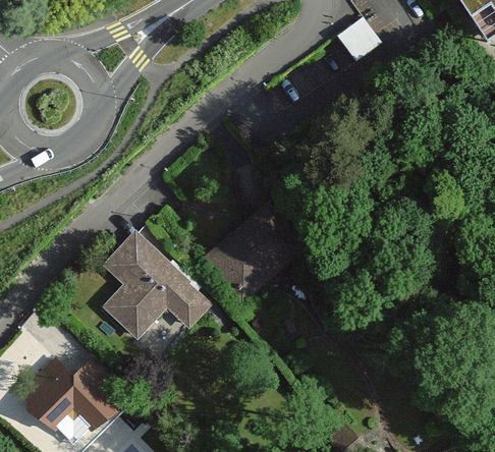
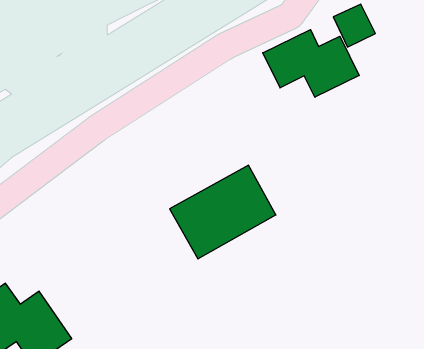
building: none -> [263,30,359,97]
building: [102,232,214,340] -> none

